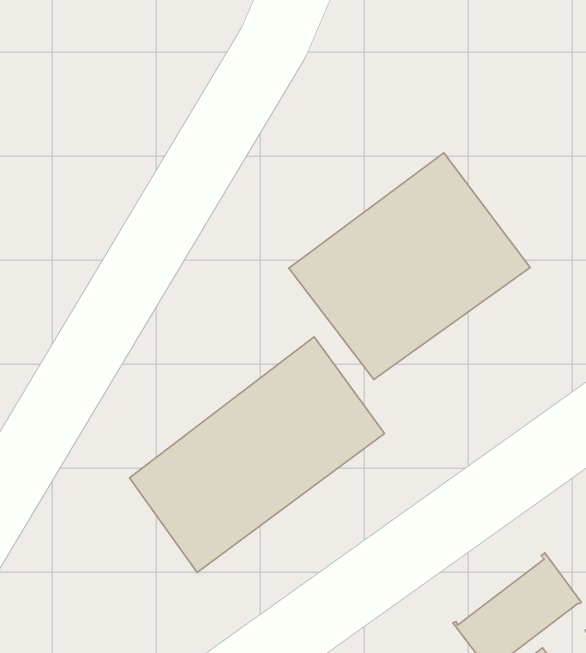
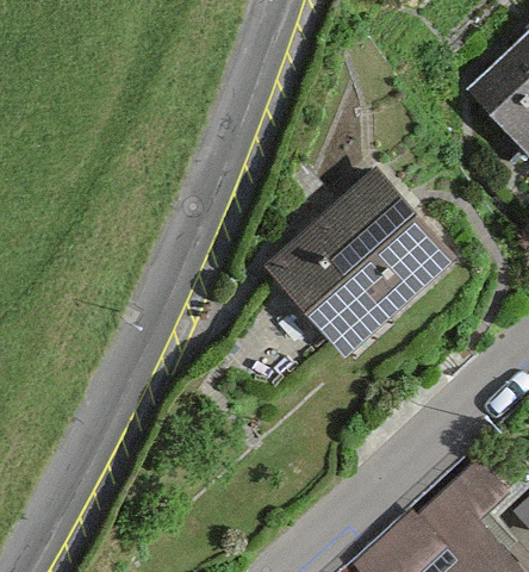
building: [129,337,385,573] -> none

